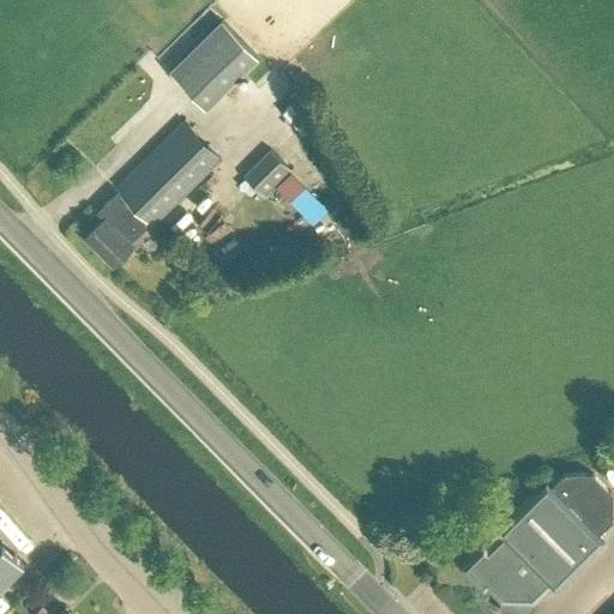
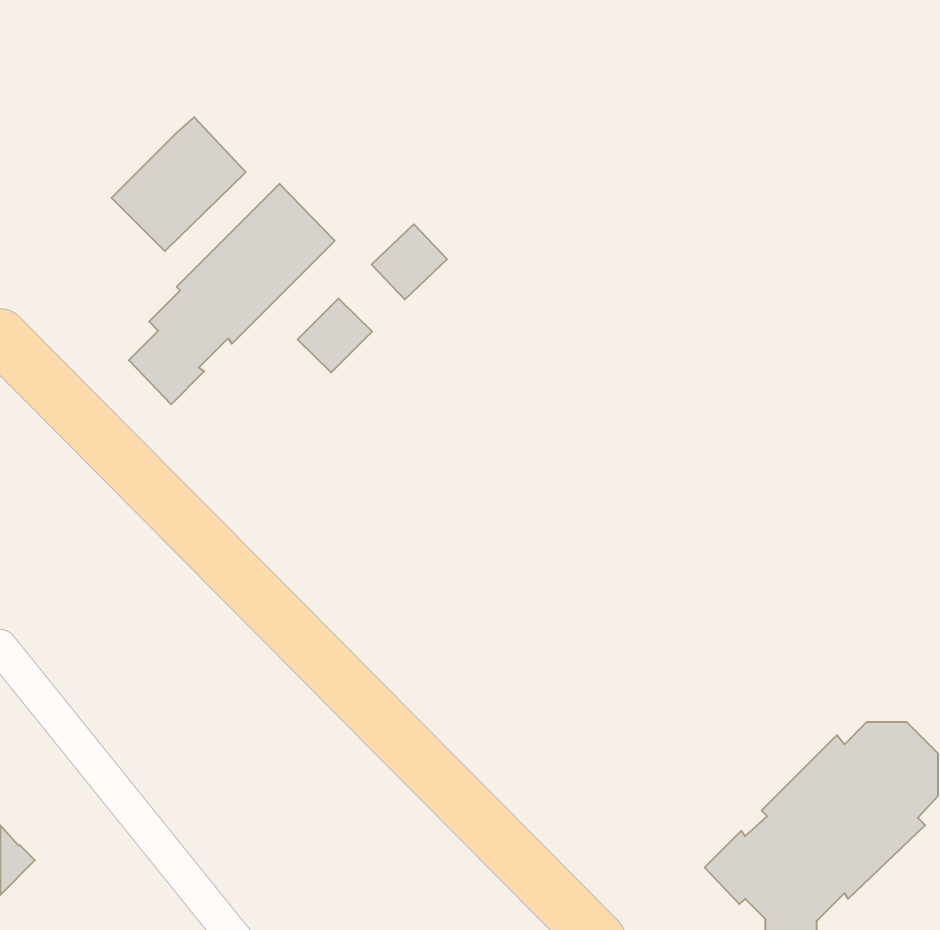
building: [169,24,257,112] -> [111,117,246,251]
building: none -> [298,298,372,373]

